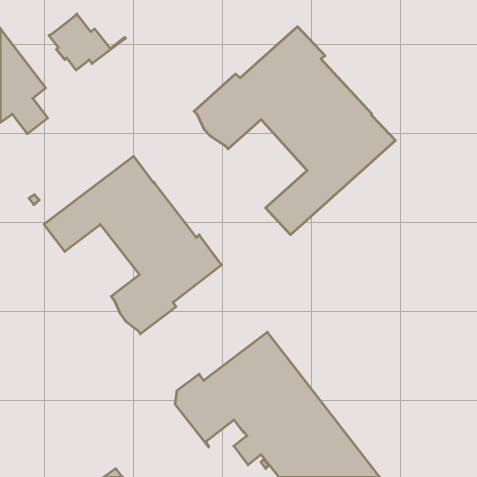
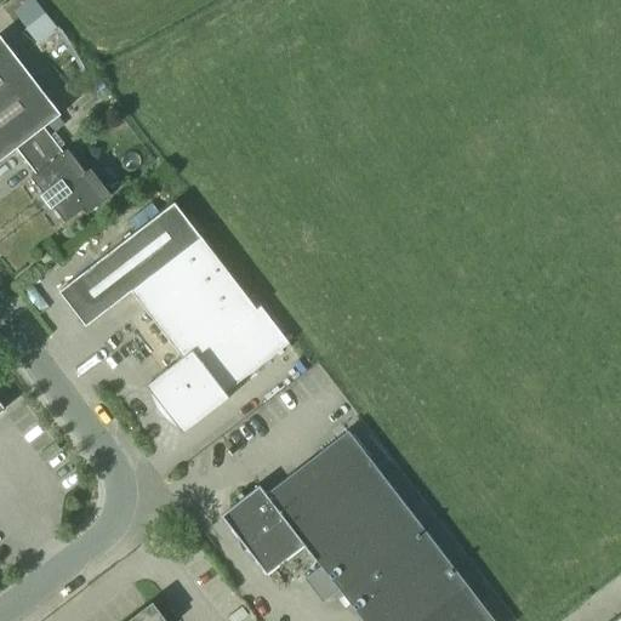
building: [49,14,126,70] -> [30,149,130,222]
building: [194,27,395,235] -> none

